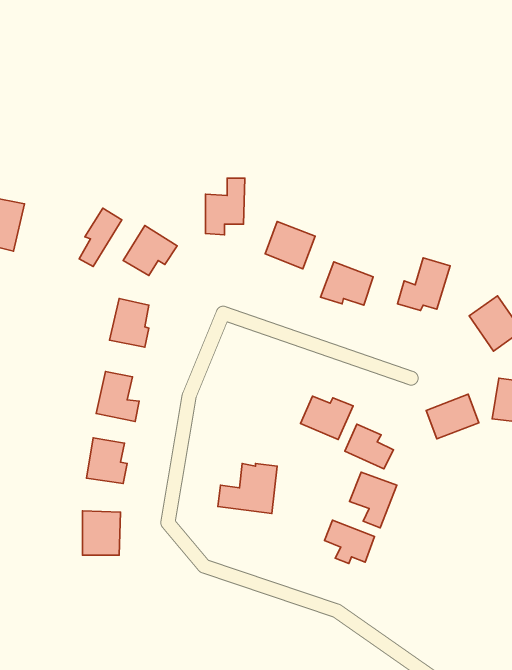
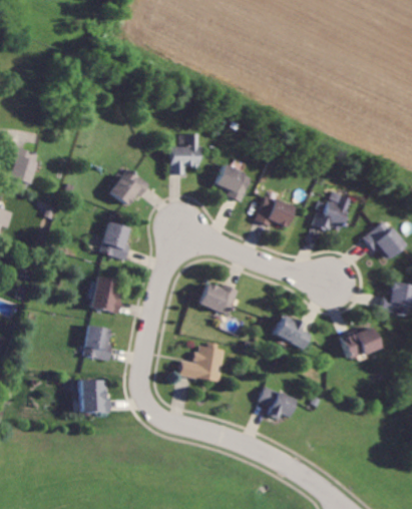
building: [79,208,122,266] -> none
building: [426,394,479,439] -> [341,326,380,359]
building: [300,396,353,440] -> [199,283,239,315]
building: [350,472,397,528] -> none

